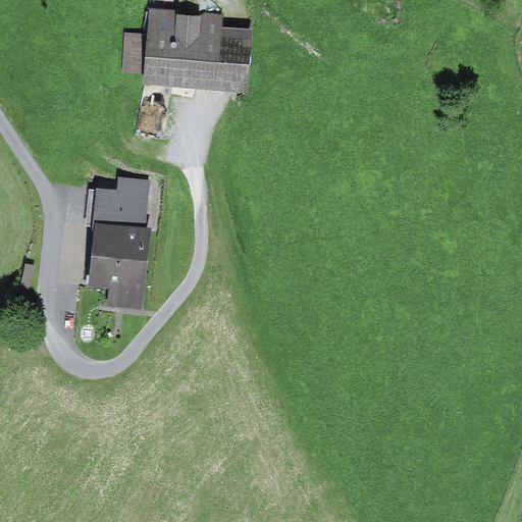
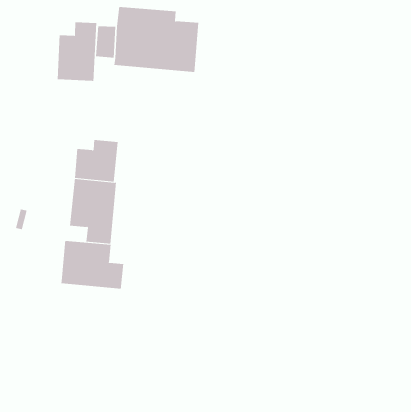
building: none -> [57,21,97,82]
building: none -> [61,240,124,290]

